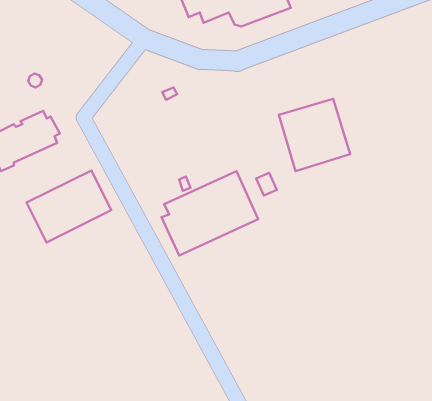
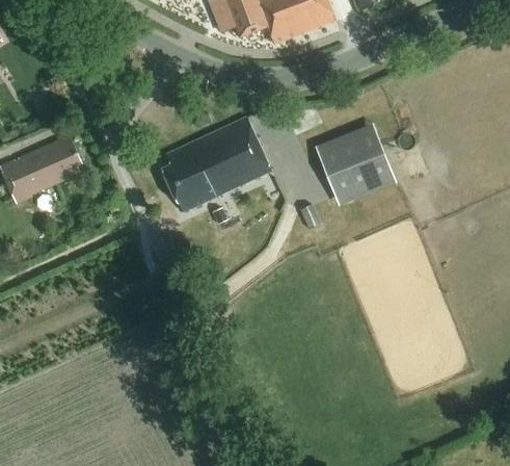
building: [27,170,111,243] -> none
building: [161,171,258,256] -> [161,118,268,211]

